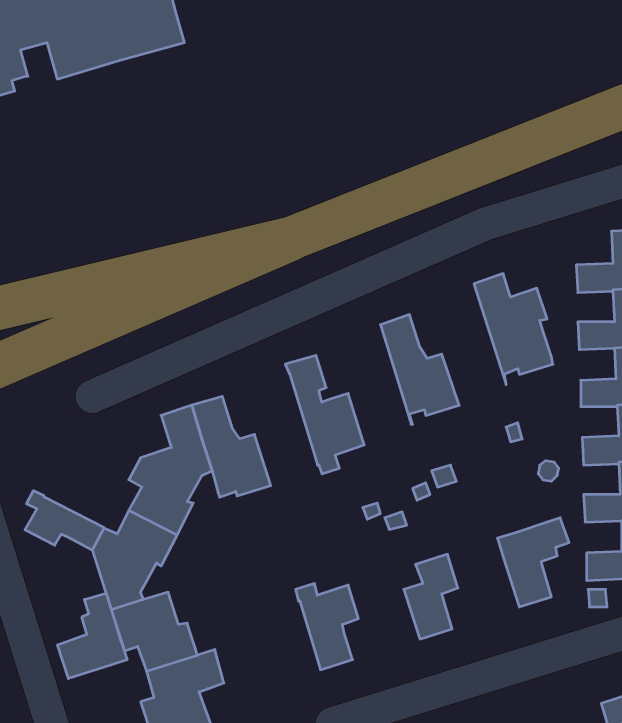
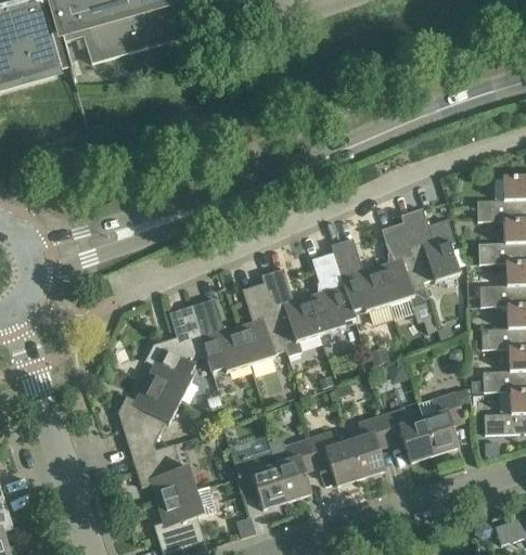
building: none -> [376,216,427,308]
building: none -> [307,253,354,335]
building: none -> [238,283,284,365]
building: [25,491,104,550] -> none
building: none -> [381,409,434,463]
building: none -> [307,431,360,487]
building: [58,593,127,679] -> none
building: none -> [231,451,286,509]

